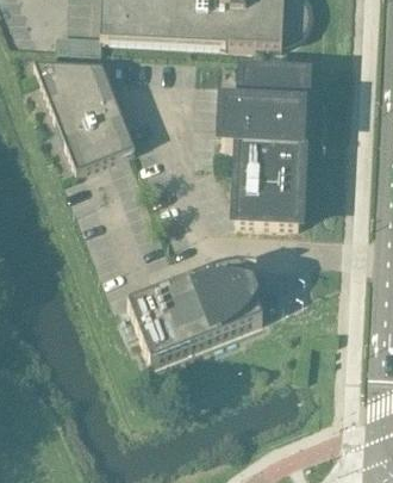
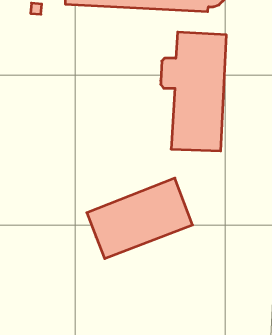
building: [38,58,139,168] -> none

